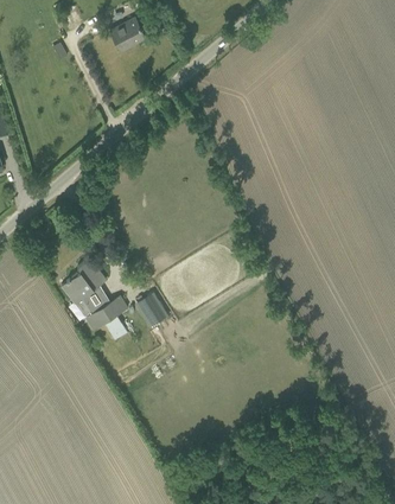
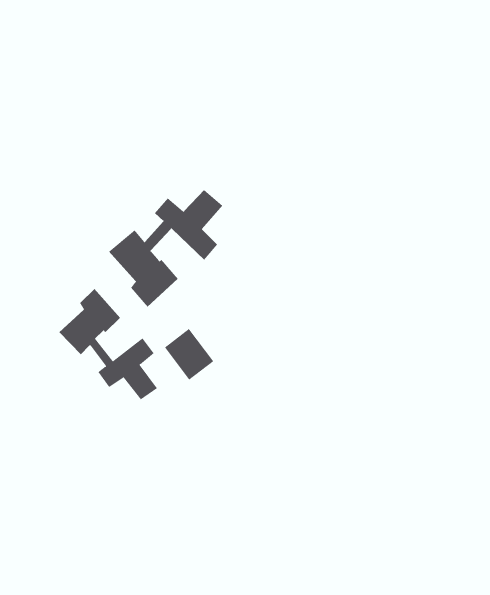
building: none -> [108,189,223,308]

